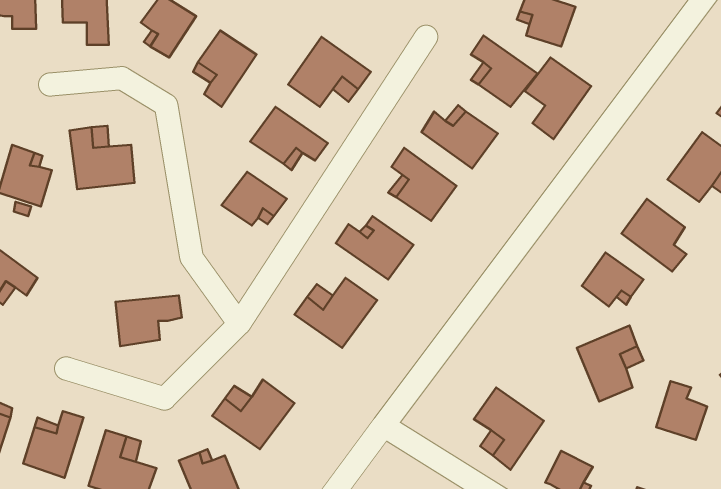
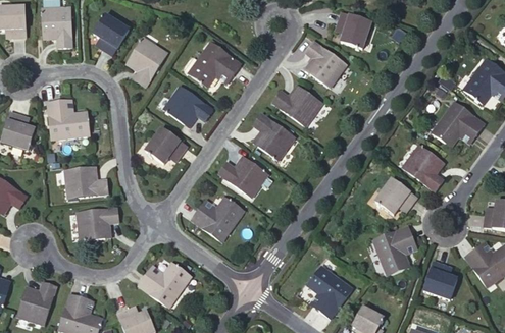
building: [525,58,591,139] -> none
building: none -> [64,166,108,197]

